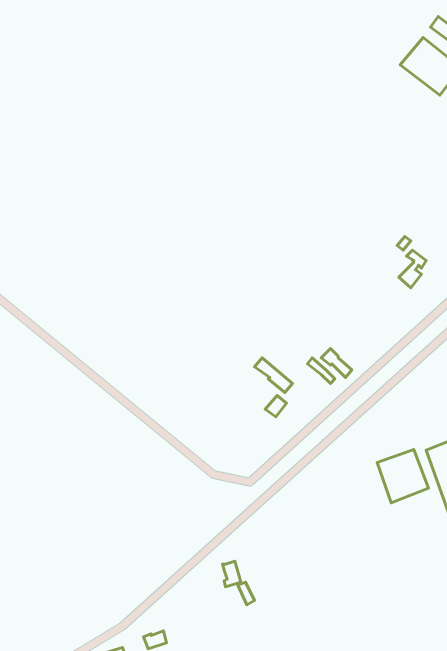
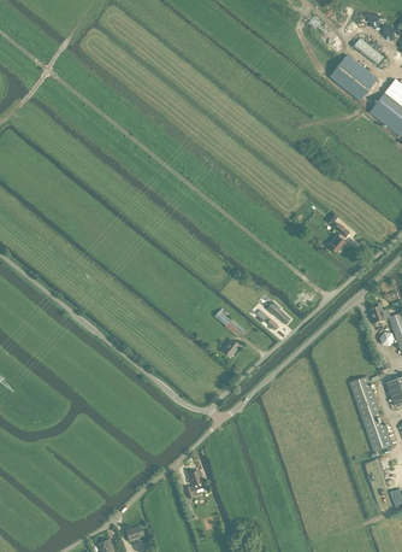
building: [377,449,428,503] -> none

